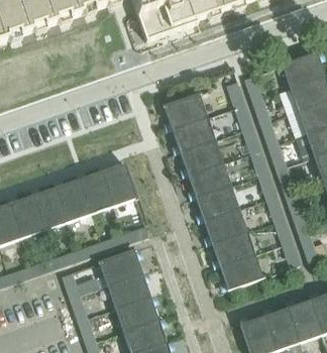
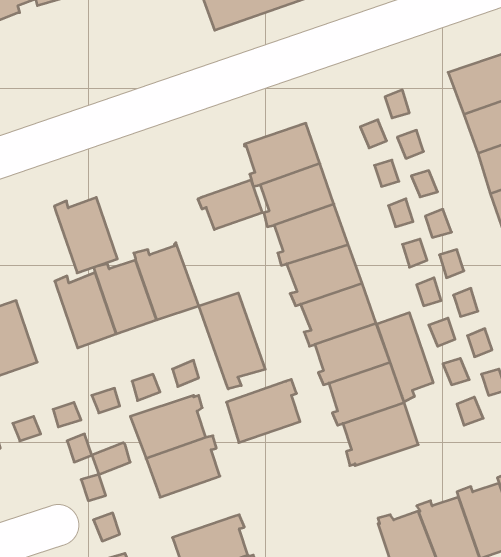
building: none -> [198,180,262,230]
building: [31,187,68,230] -> [54,197,117,273]
building: none -> [199,293,265,389]
building: none -> [377,313,433,402]
building: [115,295,157,331] -> [226,379,300,443]

